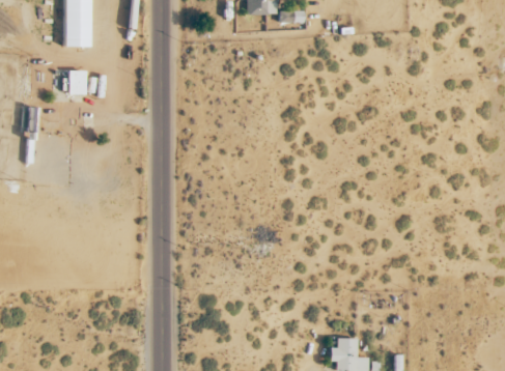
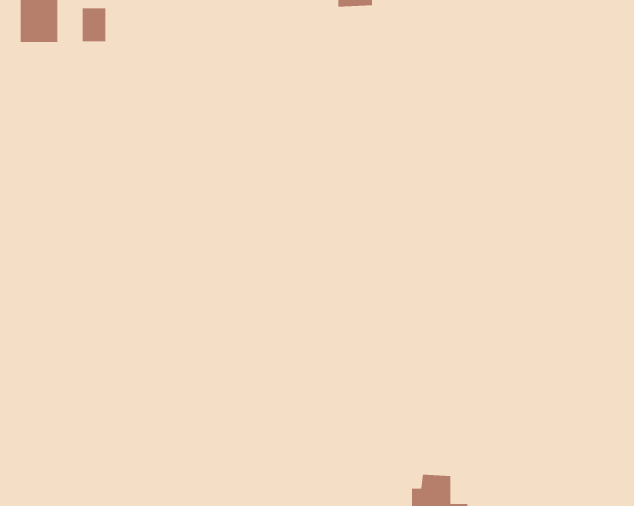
building: [67,70,84,93] -> [82,8,106,42]

